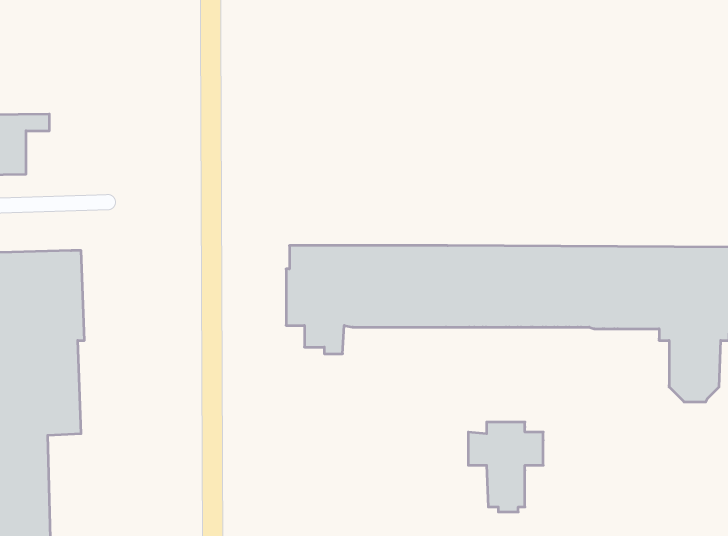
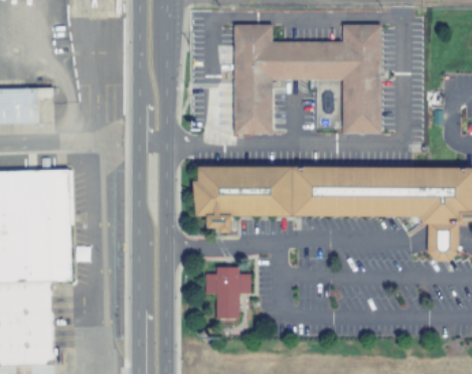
building: none -> [232,23,379,133]
building: [468,422,543,512] -> [203,266,249,321]

